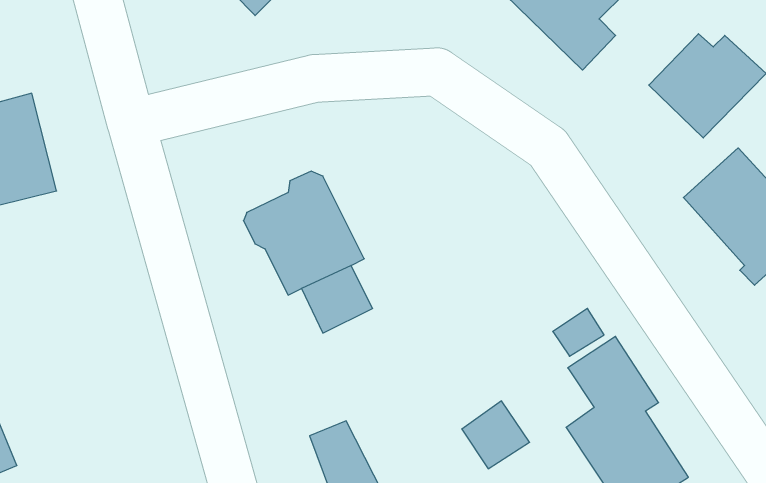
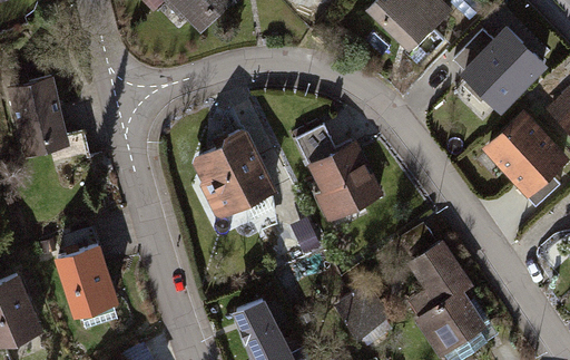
building: none -> [296,126,379,215]
building: none -> [57,230,116,314]

